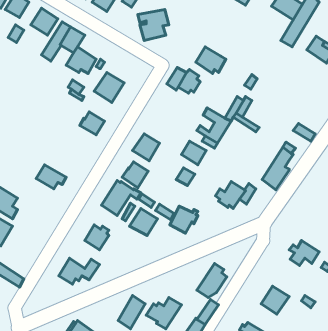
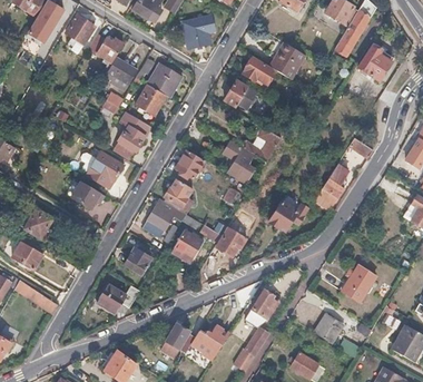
building: none -> [270,42,305,78]
building: none -> [147,62,184,97]
building: none -> [82,150,125,187]

